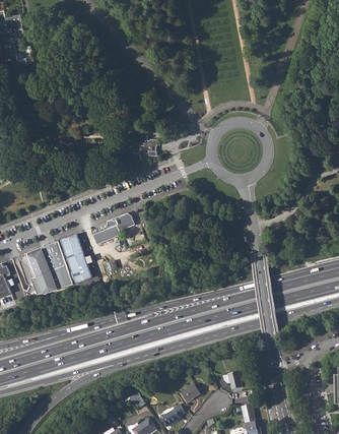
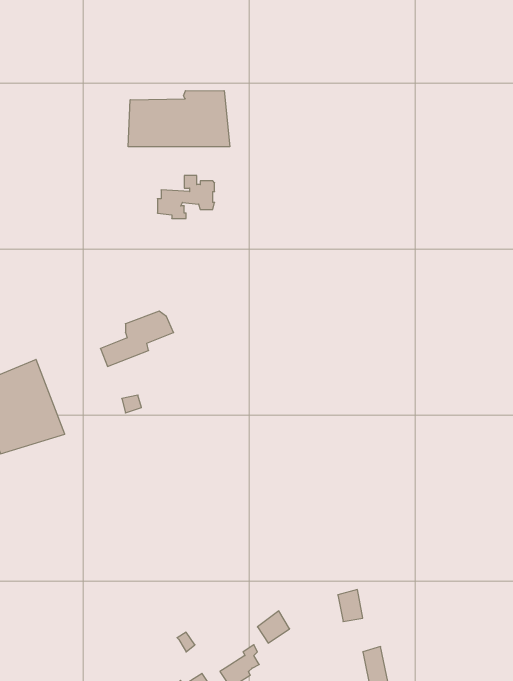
building: none -> [128,91,230,147]
building: [60,233,91,281] -> none

